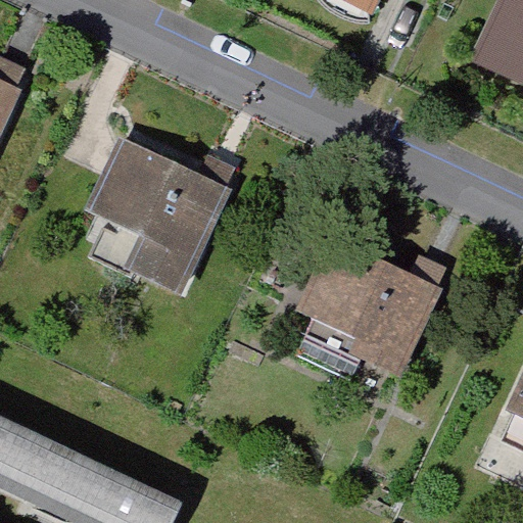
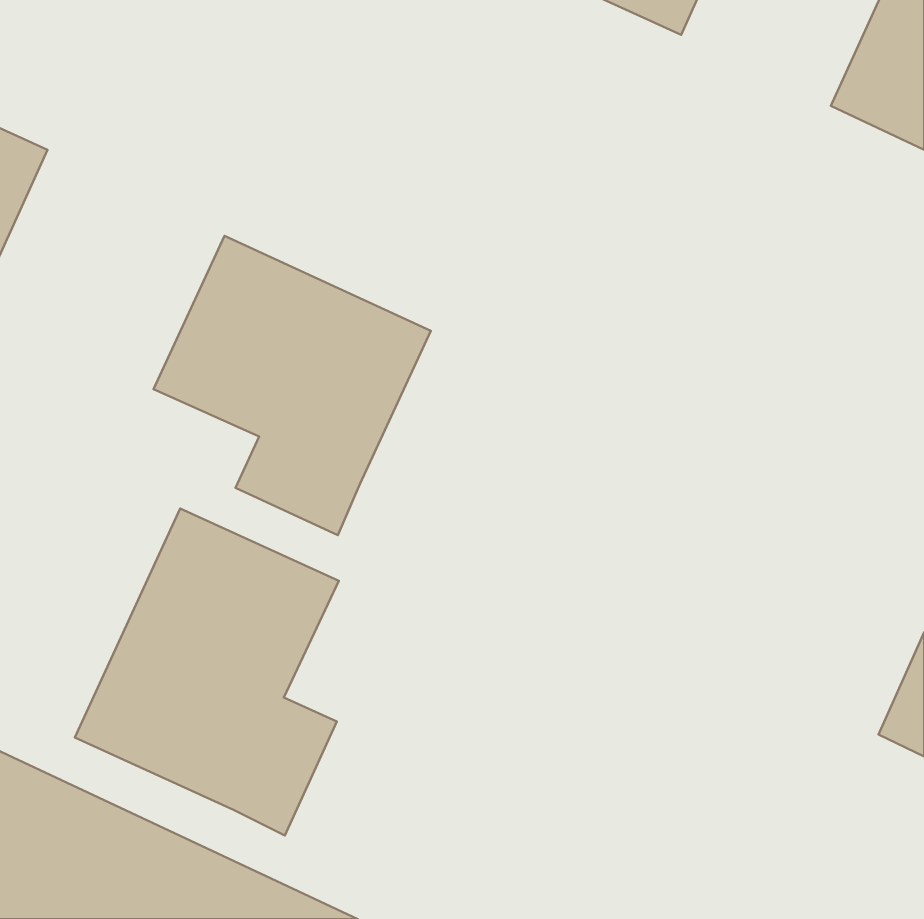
building: [294,232,449,371] -> none
building: none -> [75,508,339,835]

